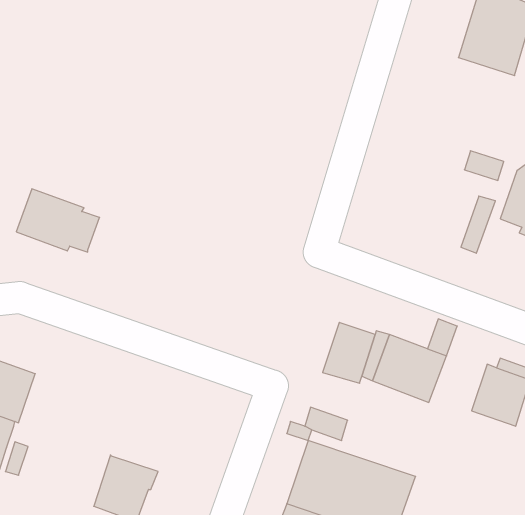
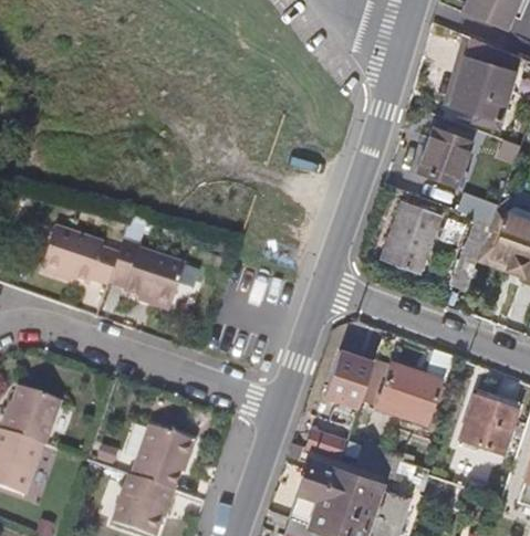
building: none -> [422,130,474,183]
building: none -> [384,201,441,271]
building: none -> [107,242,184,308]
building: none -> [129,424,193,490]

